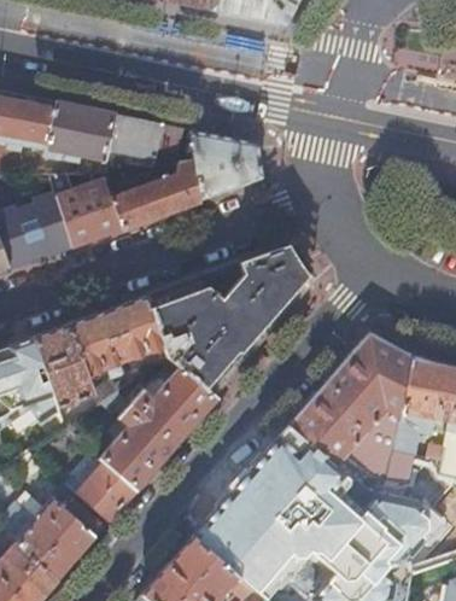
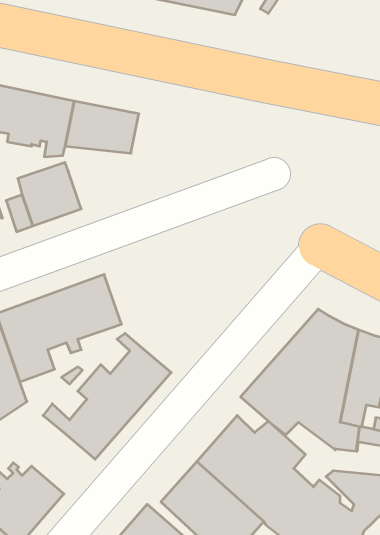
building: [109,130,261,228] -> none
building: [146,246,308,392] -> none
building: [76,462,136,523] -> none

